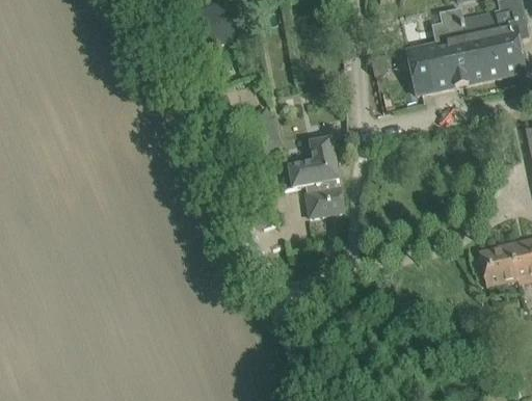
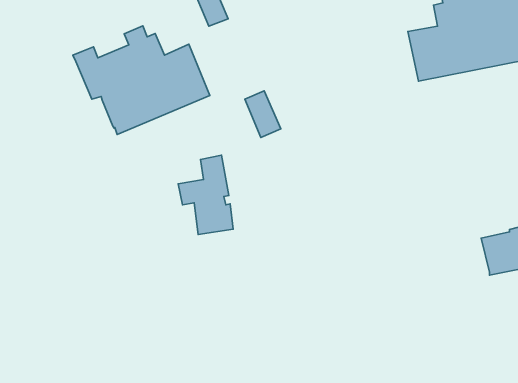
building: none -> [73,26,210,134]
building: [290,136,344,214] -> [178,155,233,235]

